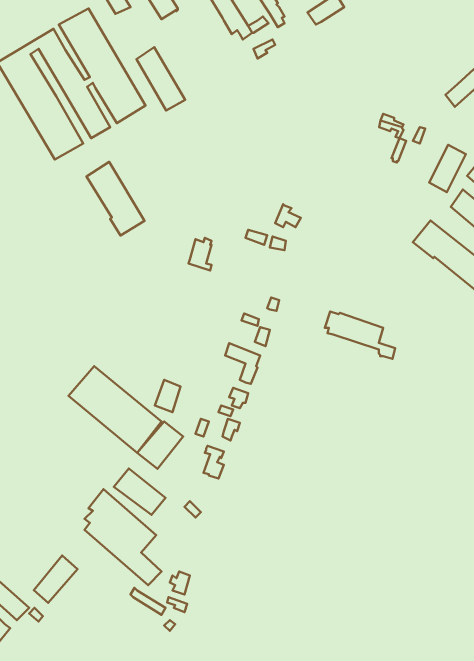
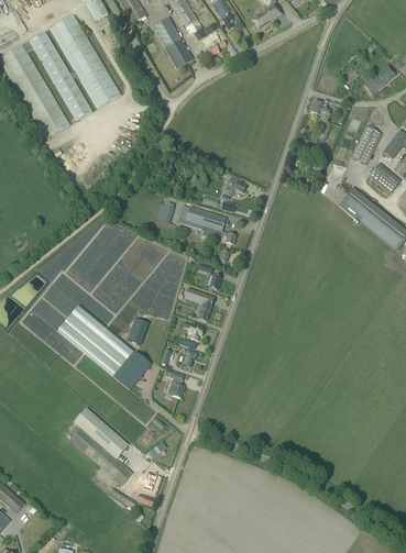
building: [137,47,185,111] -> [153,16,193,68]
building: [86,162,144,235] -> none
building: [325,312,395,359] -> [178,204,235,243]
building: [114,468,165,515] -> none
building: [34,556,78,603] -> none

